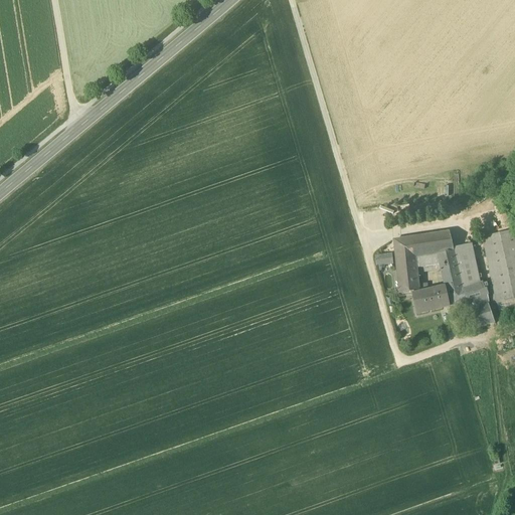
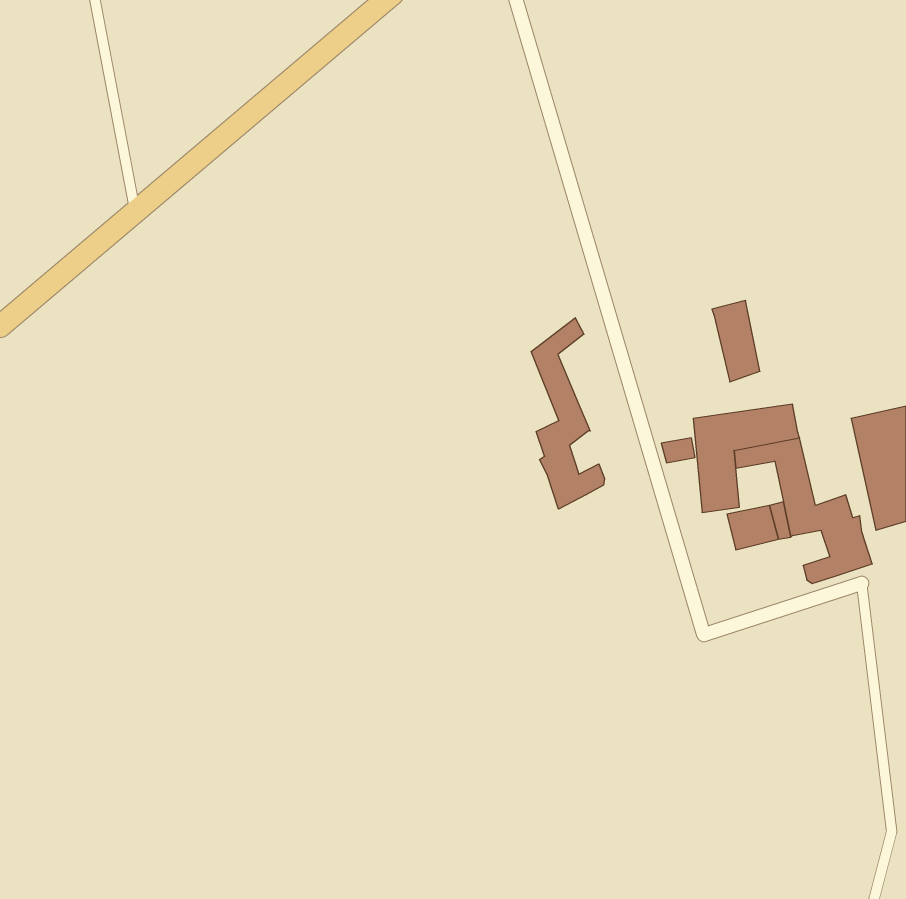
building: none -> [531,318,604,509]
building: [453,240,480,287] -> [712,300,760,382]

